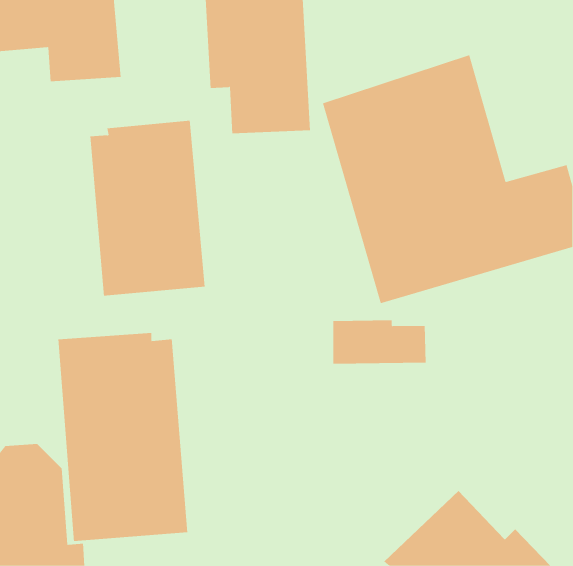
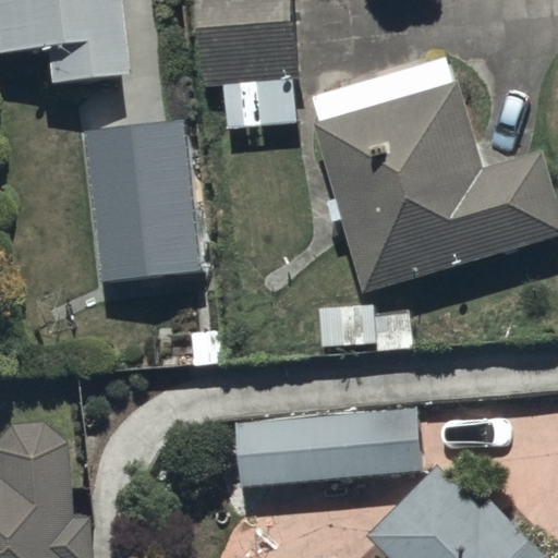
building: [58,332,188,542] -> none
building: none -> [236,408,422,487]

